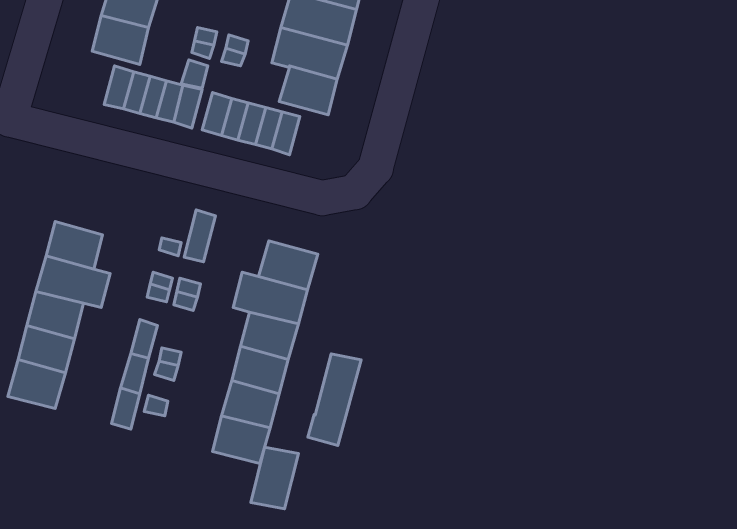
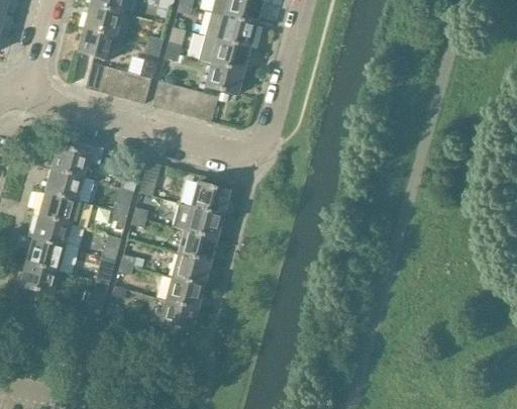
building: none -> [51,141,104,176]
building: [308,354,361,446] -> none
building: [251,447,298,509] -> none

